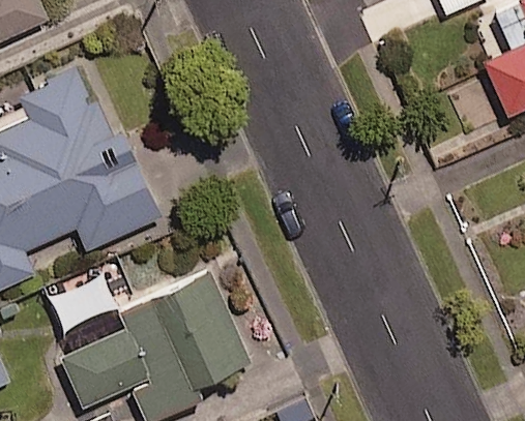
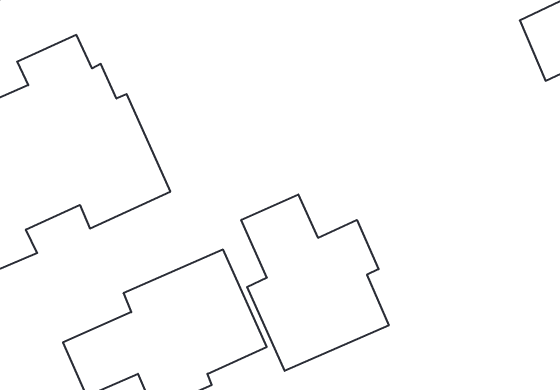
building: none -> [241,194,389,371]

